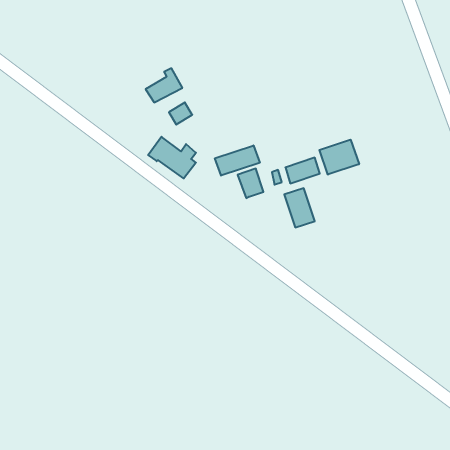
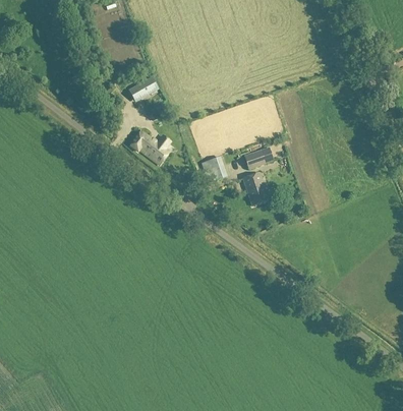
building: [319,140,359,175] -> none
building: [215,145,260,176] -> none

